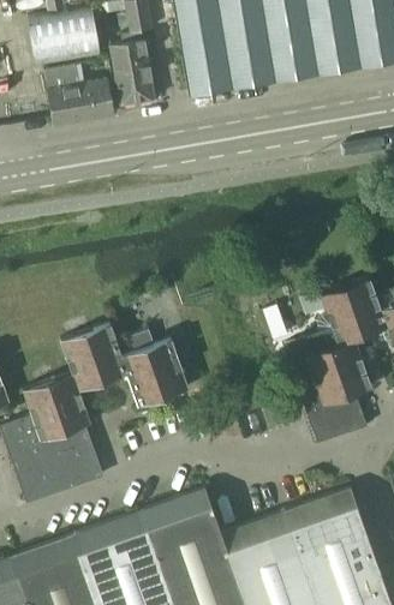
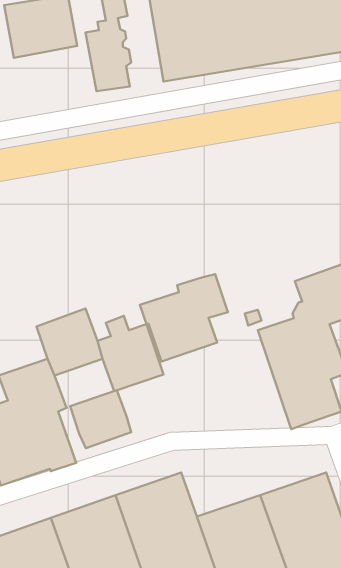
building: [44,64,114,126] -> none
building: none -> [140,274,228,362]
building: none -> [70,390,131,448]

